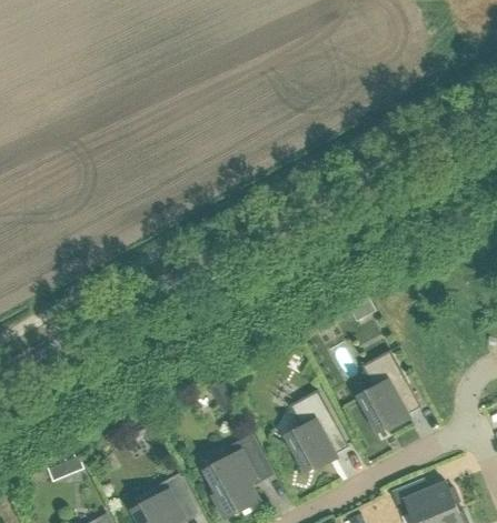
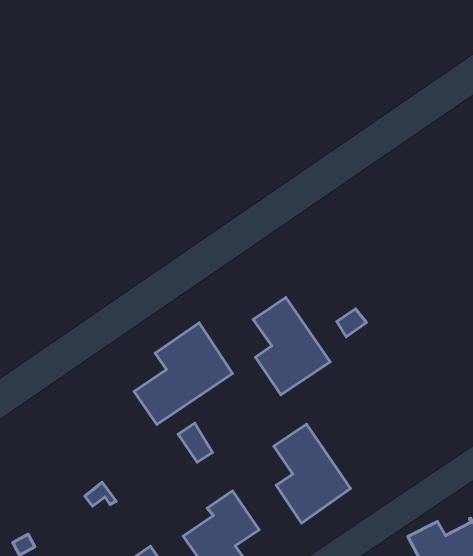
building: none -> [134,323,232,425]
building: [358,352,419,432] -> [253,297,330,395]

